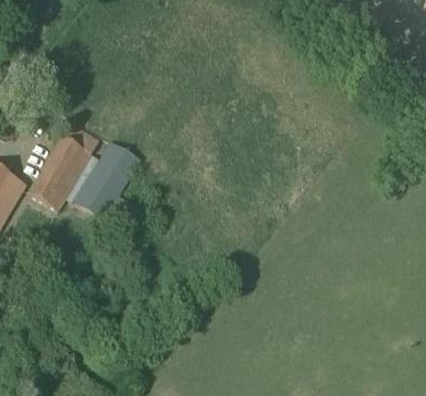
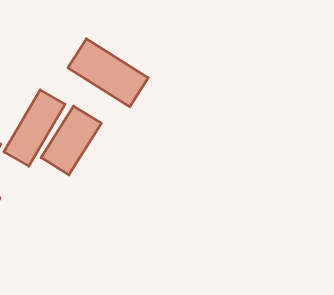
building: none -> [68,39,148,107]

